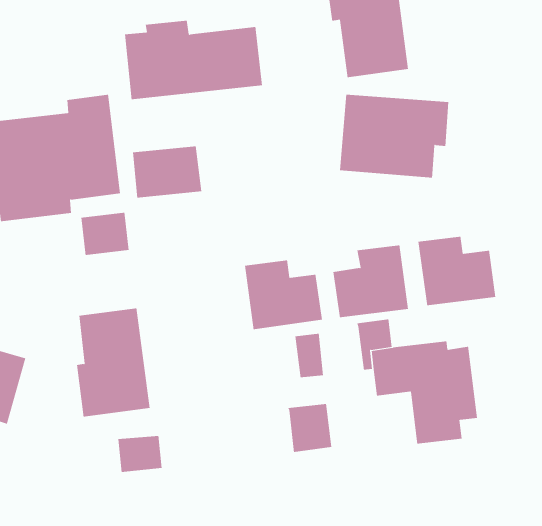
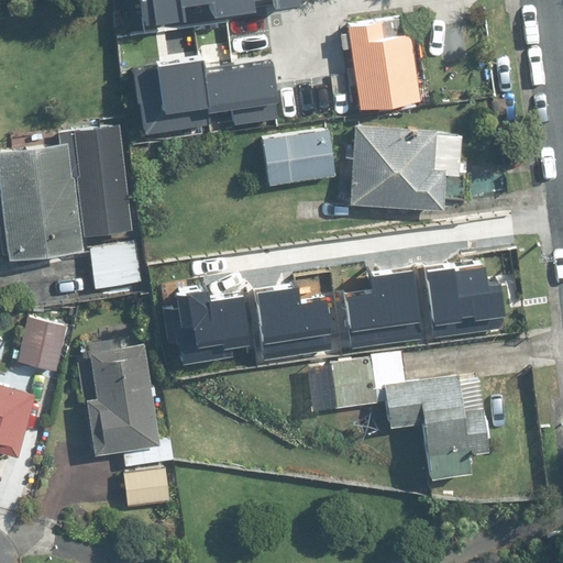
building: [132,146,202,198] -> [264,133,334,186]
building: none -> [164,298,251,371]
building: none -> [16,319,66,372]
building: [288,404,332,453] -> [329,360,374,409]

